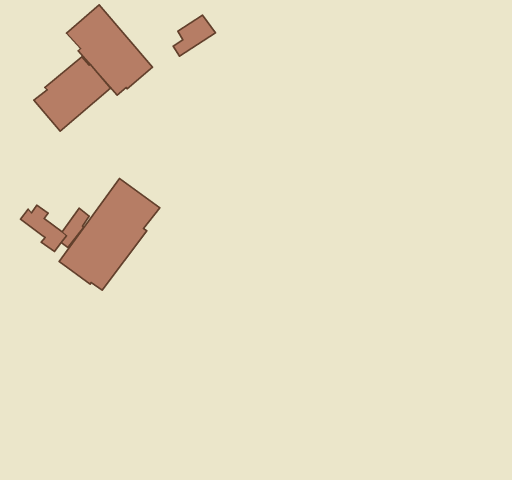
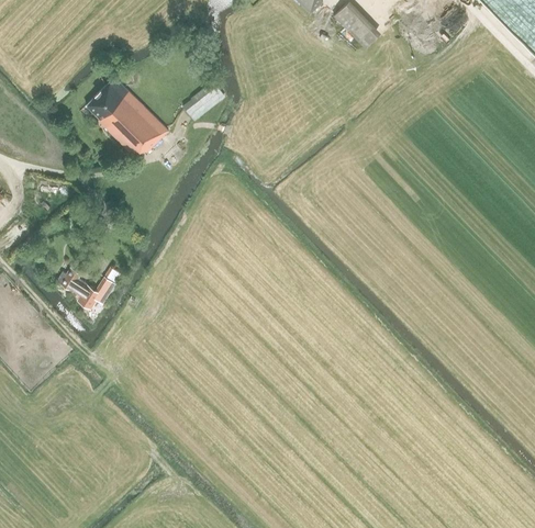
building: [34,57,110,131] -> none
building: [59,178,160,290] -> none

